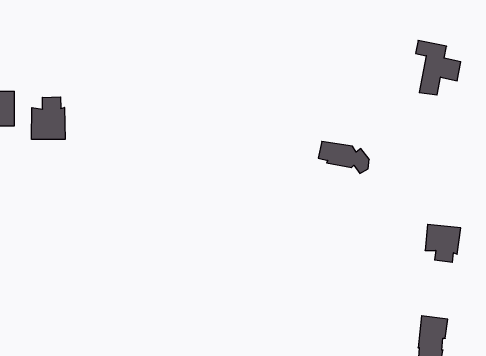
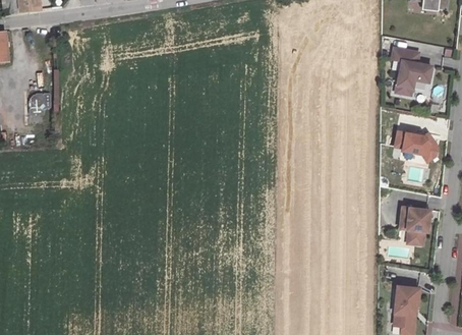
building: [32,97,65,139] -> none
building: [318,141,369,173] -> [394,132,438,160]

